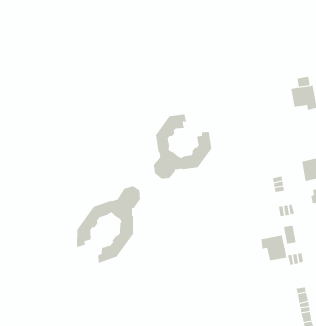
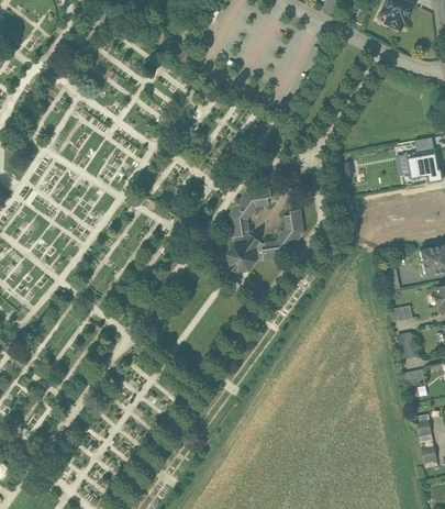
building: [77,185,140,264] -> none
building: [261,235,287,261] -> none

